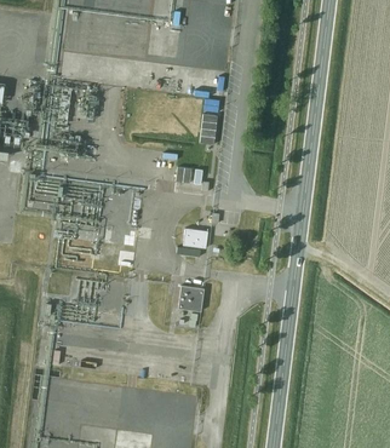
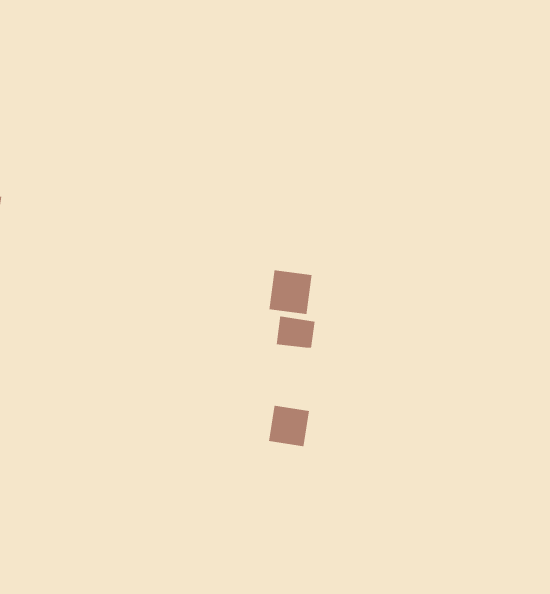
building: none -> [269,270,312,315]

